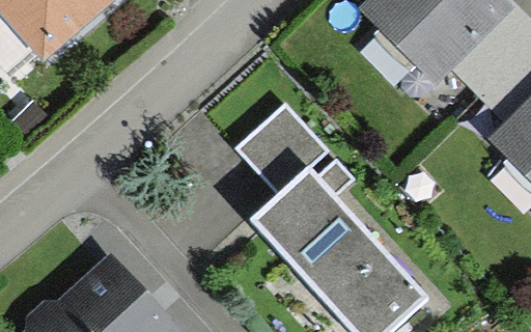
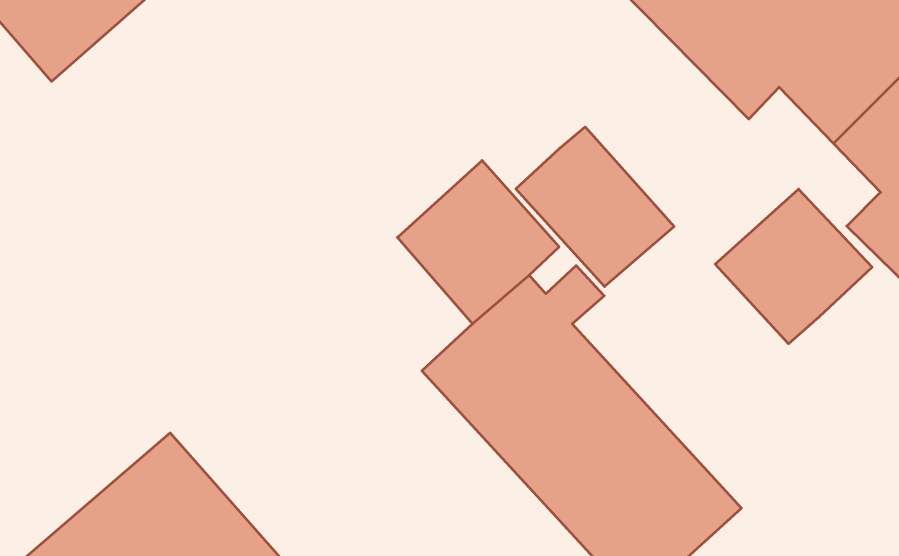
building: none -> [516,127,674,287]
building: none -> [715,189,872,344]

